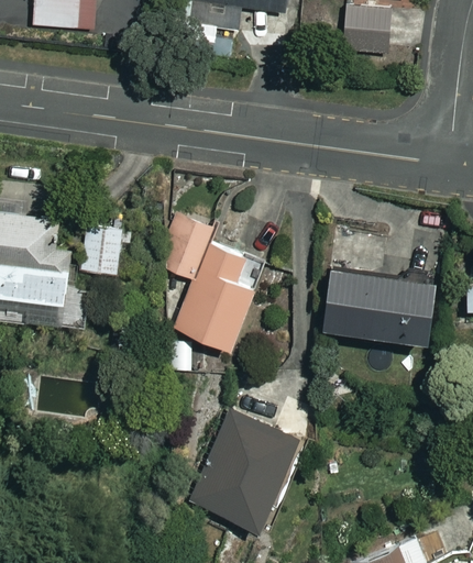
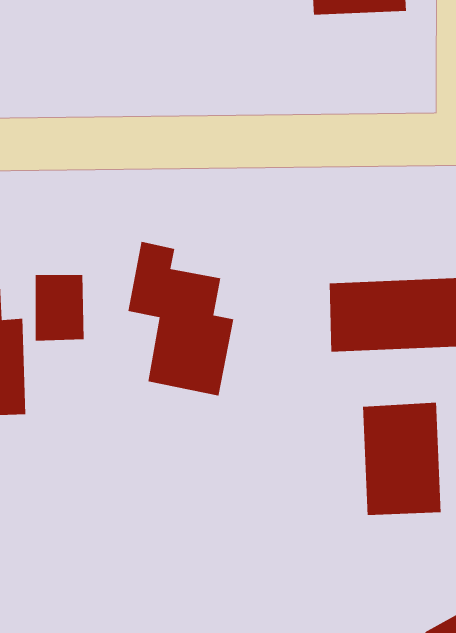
building: none -> [362,402,441,516]
building: [191,410,294,527] -> none

